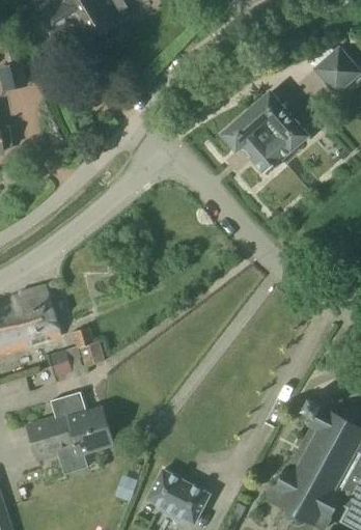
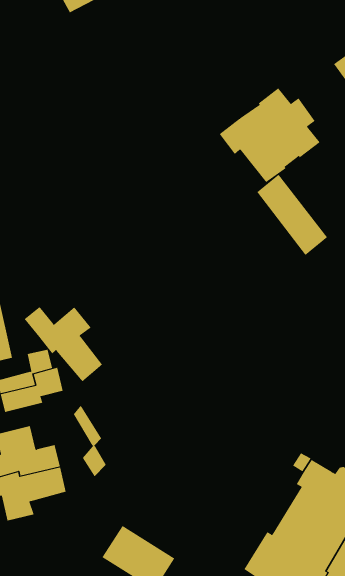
building: none -> [257,174,328,256]
building: none -> [24,306,103,382]
building: none -> [73,405,109,477]

